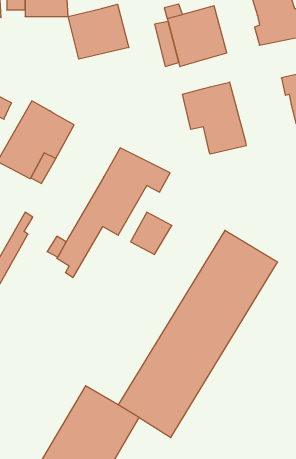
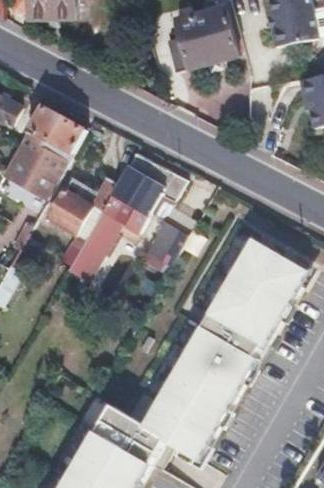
building: [68,4,129,59] -> none
building: [182,82,246,154] -> none
building: none -> [48,179,118,250]

